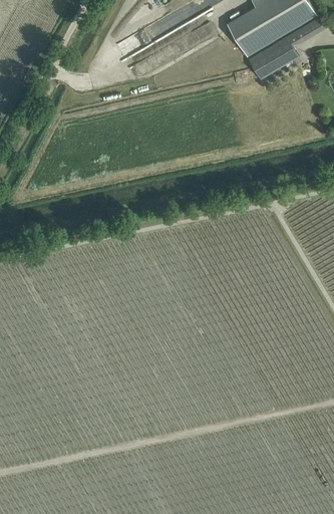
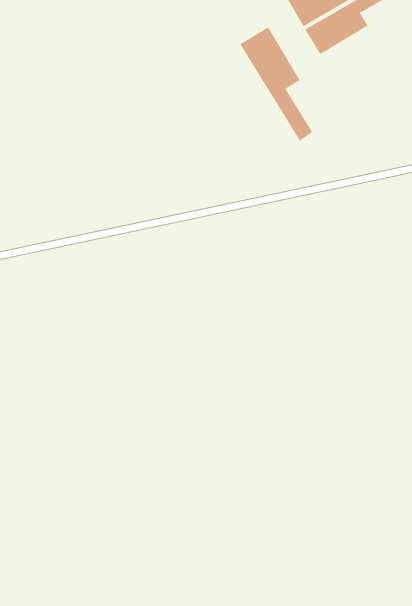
building: none -> [240,27,313,142]

